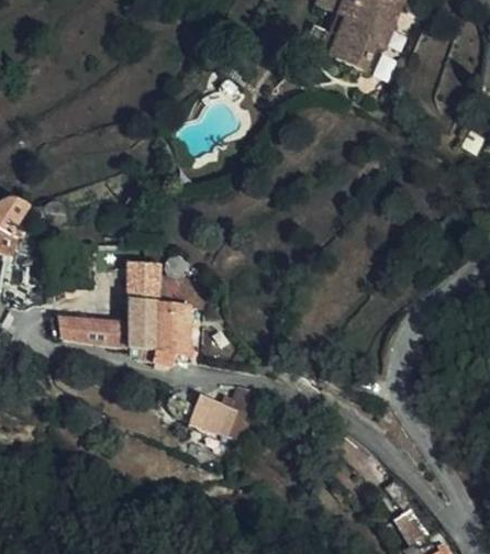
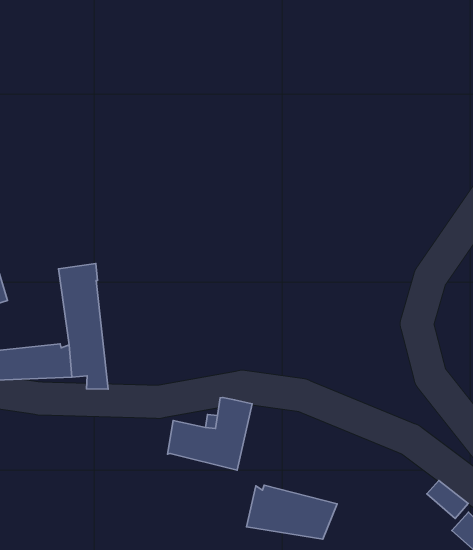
building: [153,276,216,365] -> none
building: none -> [246,485,337,539]

